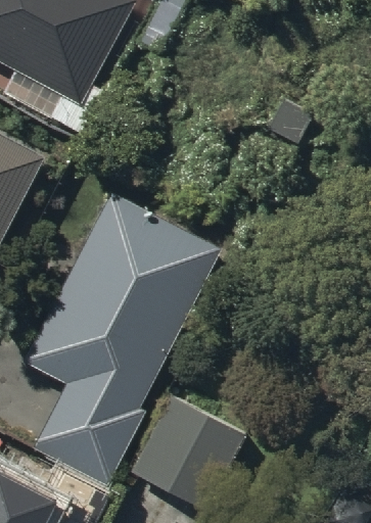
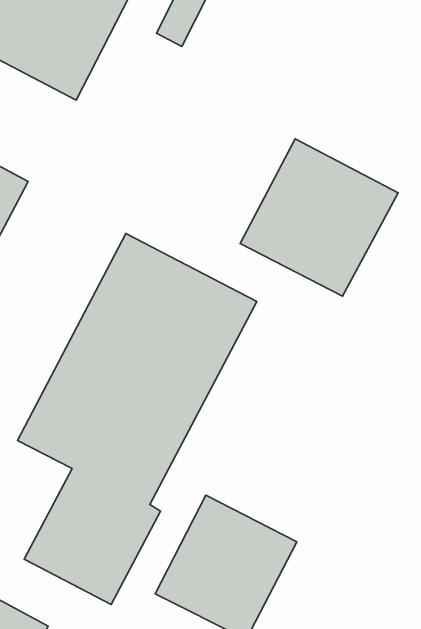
building: none -> [240,139,398,296]

